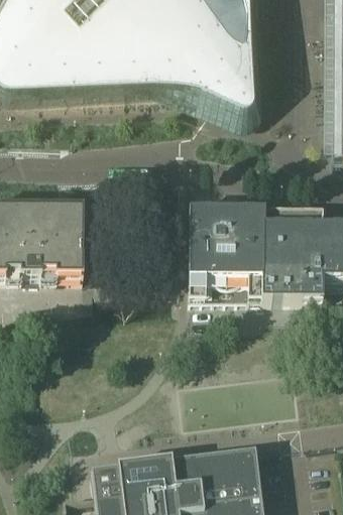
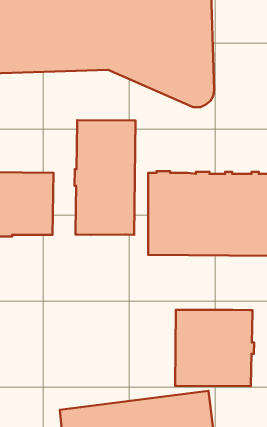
building: none -> [74,120,135,235]
building: none -> [175,310,254,386]

